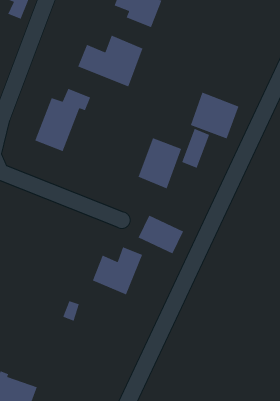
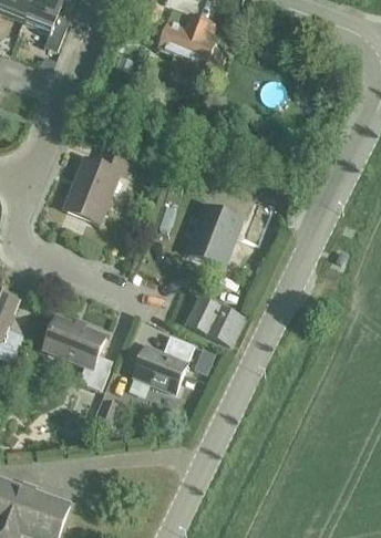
building: [77,35,144,87] -> none
building: [190,91,240,140] -> none
building: none -> [44,314,113,390]

